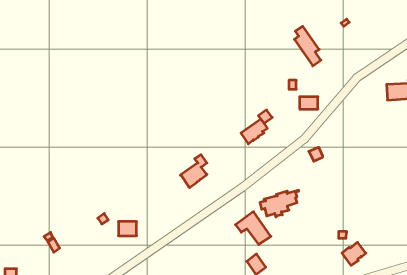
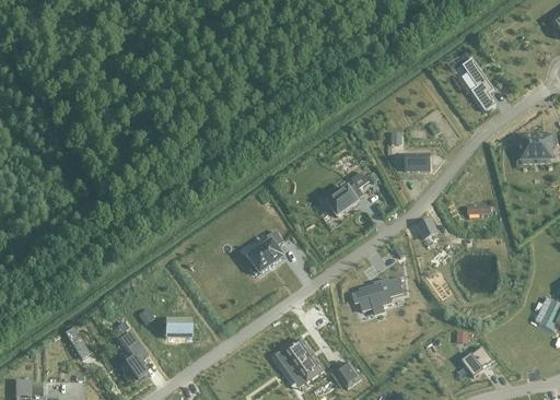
building: [294,26,321,66] -> [460,58,495,110]
building: [235,212,271,245] -> [276,338,323,381]
building: none -> [117,327,144,377]

